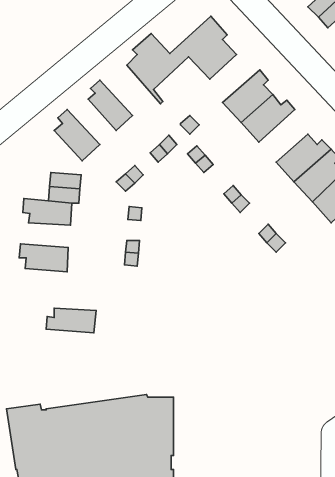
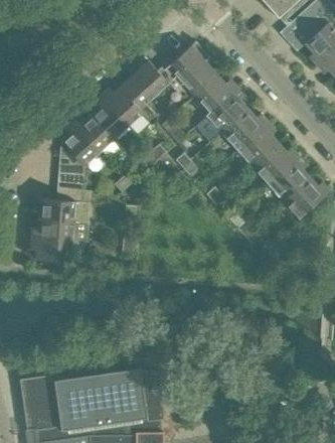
building: none -> [195,76,238,117]
building: none -> [101,85,153,128]
building: none -> [72,114,115,153]
building: none -> [237,123,280,168]
building: none -> [58,141,86,179]
building: [46,308,96,333] -> [32,220,75,242]

